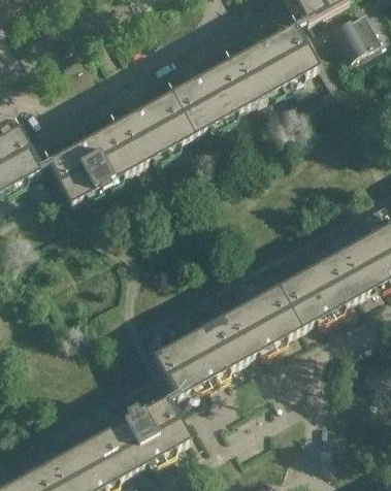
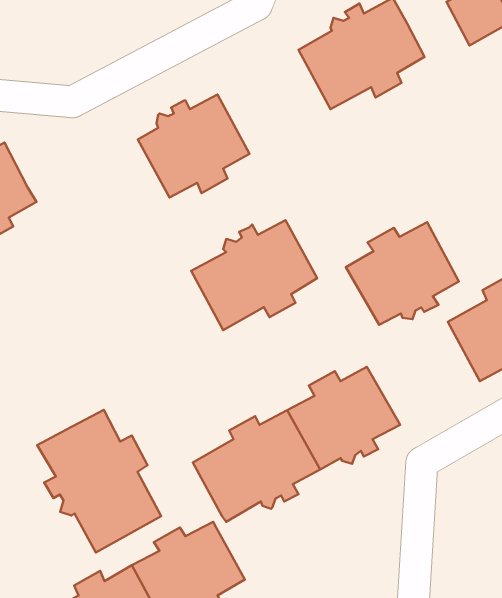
building: [170,60,251,134] -> none
building: [46,124,136,202] -> [191,220,317,330]
building: [276,254,357,327] -> [346,222,459,325]
building: none -> [37,410,161,553]

